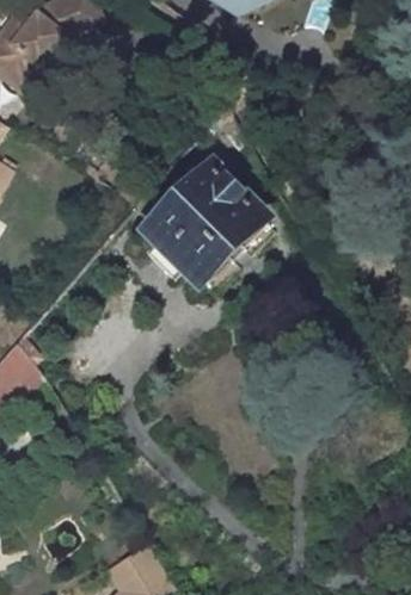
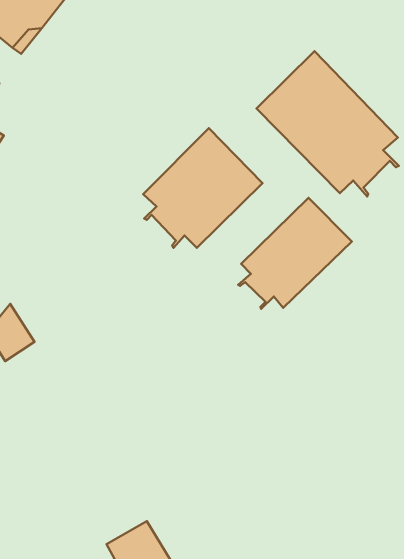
building: none -> [257,51,399,196]
building: none -> [238,198,352,309]

